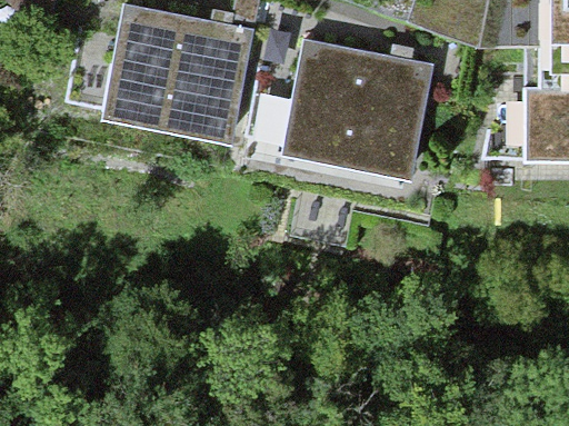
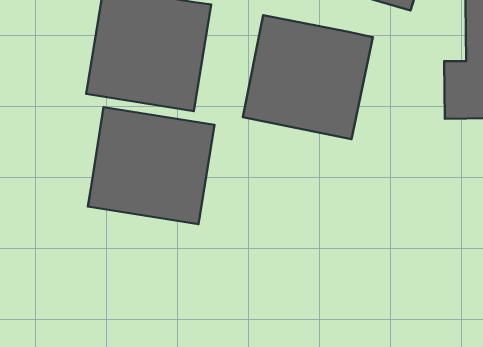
building: none -> [88,107,215,224]

